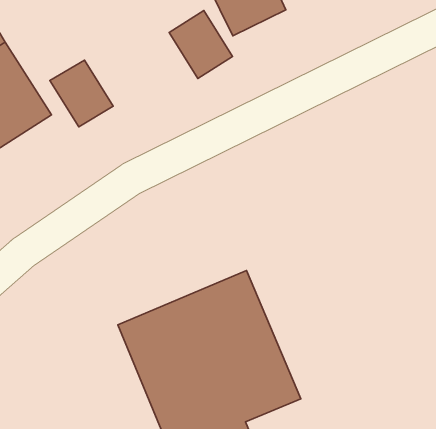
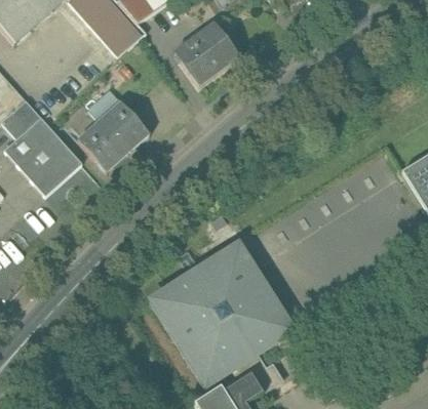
building: [169,11,233,79] -> [99,100,146,149]

